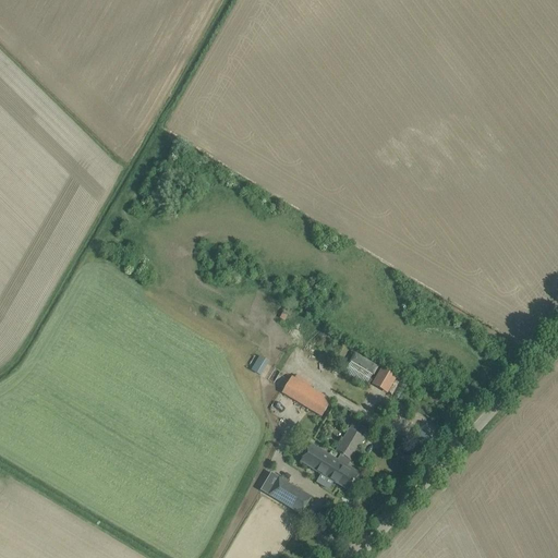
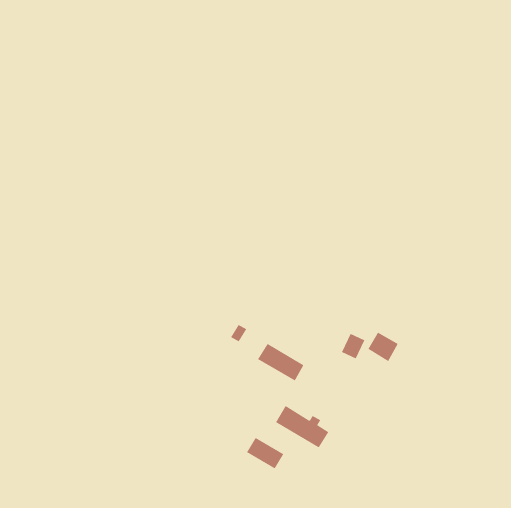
building: [344,350,378,383] -> [367,332,398,362]
building: [335,420,363,458] -> none

